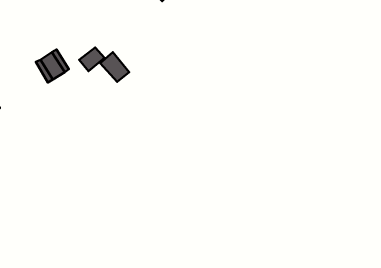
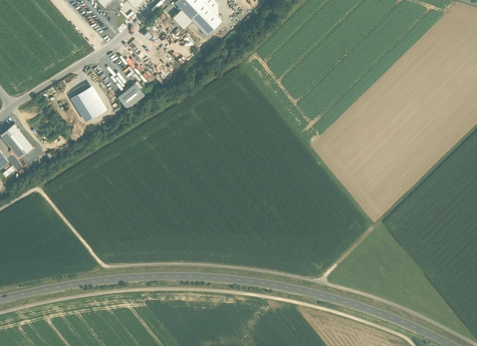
building: [100,52,129,82] -> none

